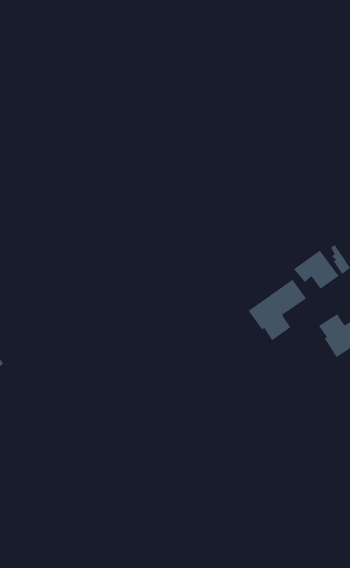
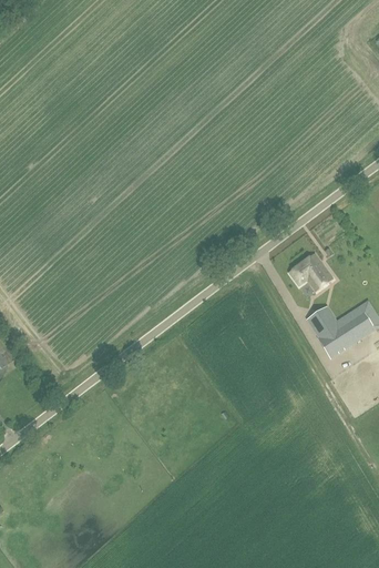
building: [248,279,307,341] -> none

